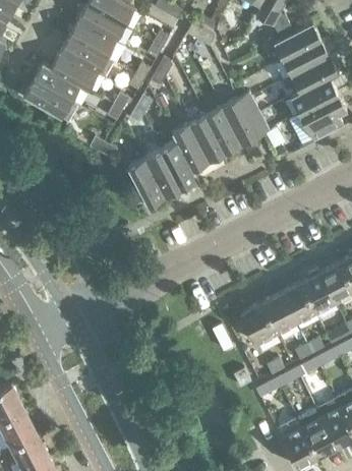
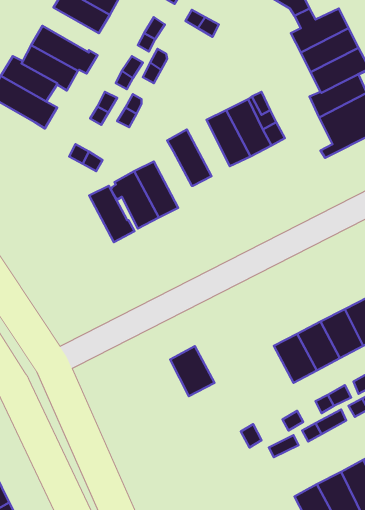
building: [66,22,113,60] -> none
building: [186,116,222,163] -> none
building: [159,142,196,189] -> [89,186,135,242]
building: [238,304,275,346] -> [170,346,214,396]

